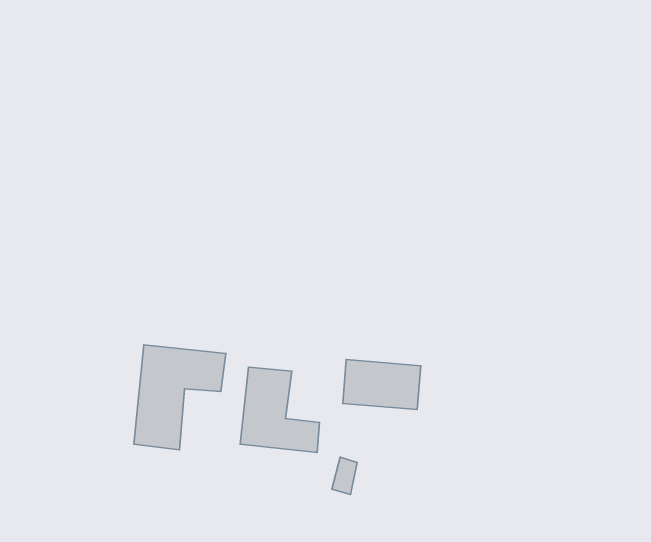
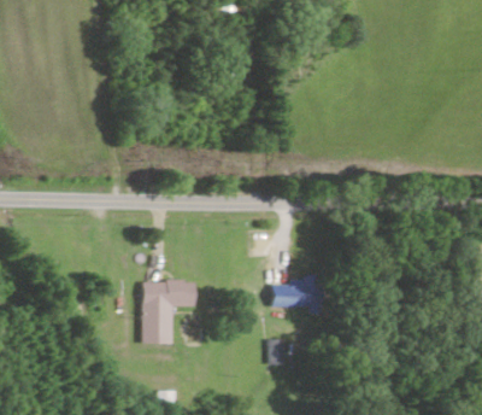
building: [240,367,319,452] -> none

